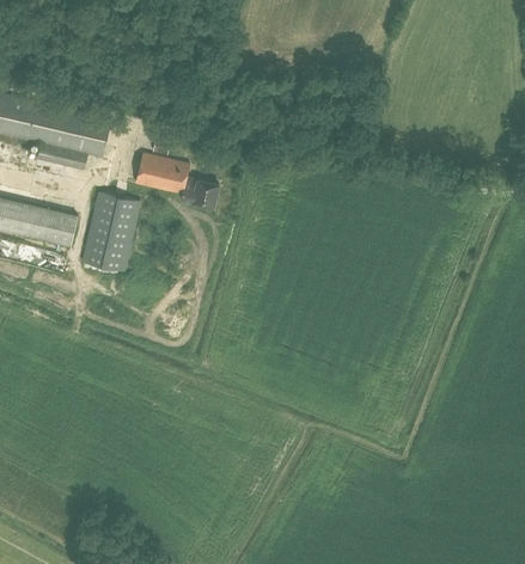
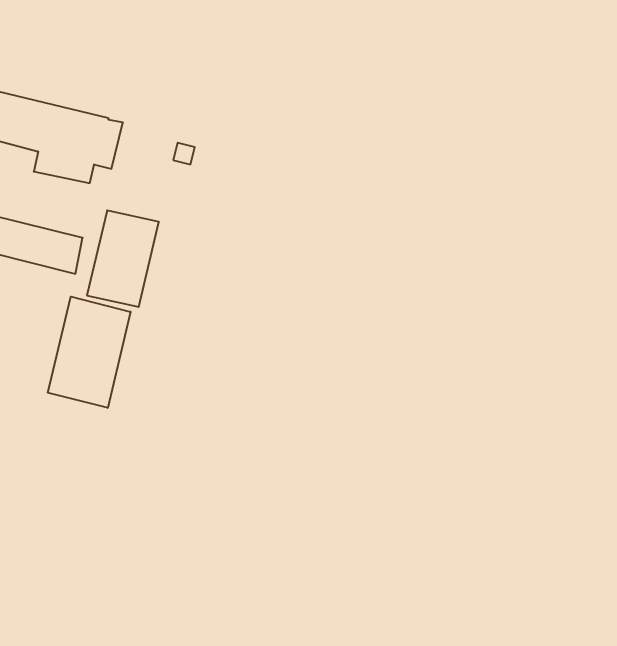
building: [136,152,219,207] -> none
building: none -> [48,297,131,408]

